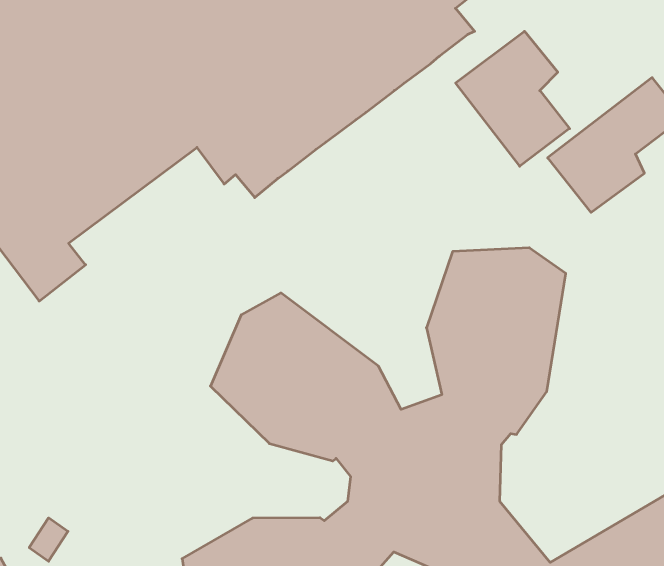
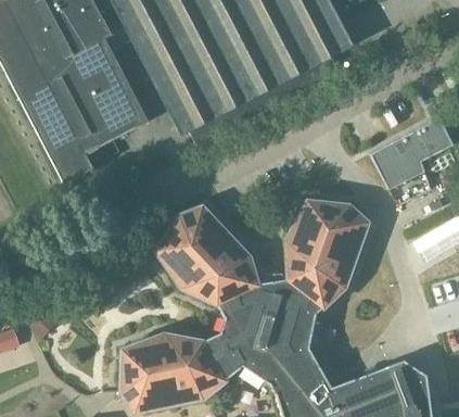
building: [456,31,570,166] -> none

